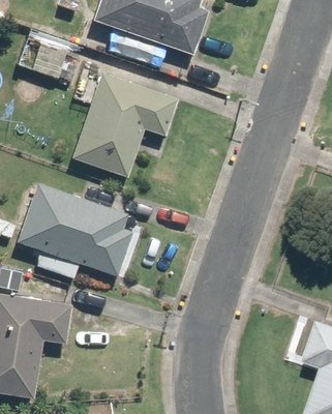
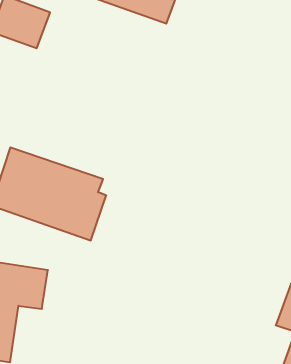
building: [70,71,180,178] -> none

